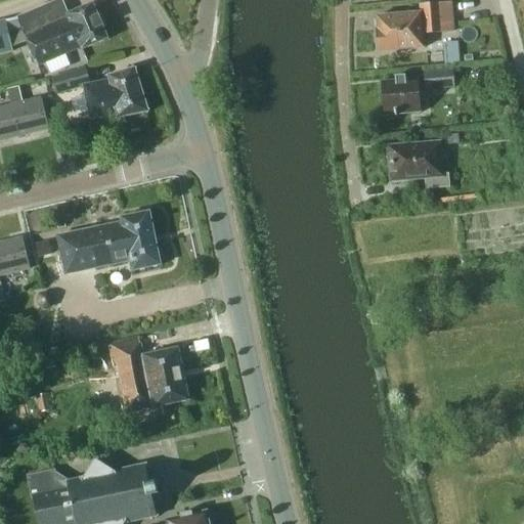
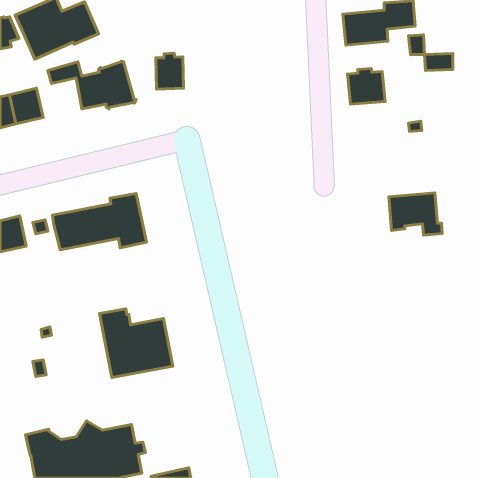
building: none -> [156,53,183,89]
building: [425,70,455,88] -> [425,54,453,70]
building: [388,141,446,187] -> [389,193,442,235]

